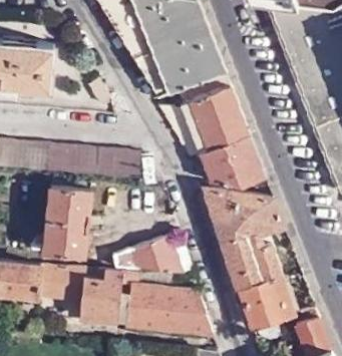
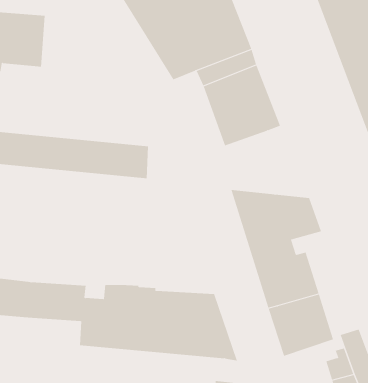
building: [202,136,265,187] -> none
building: [44,188,90,258] -> none
building: [113,237,182,272] -> none

